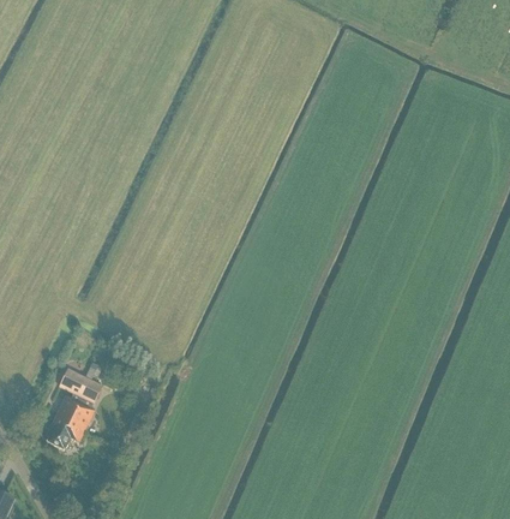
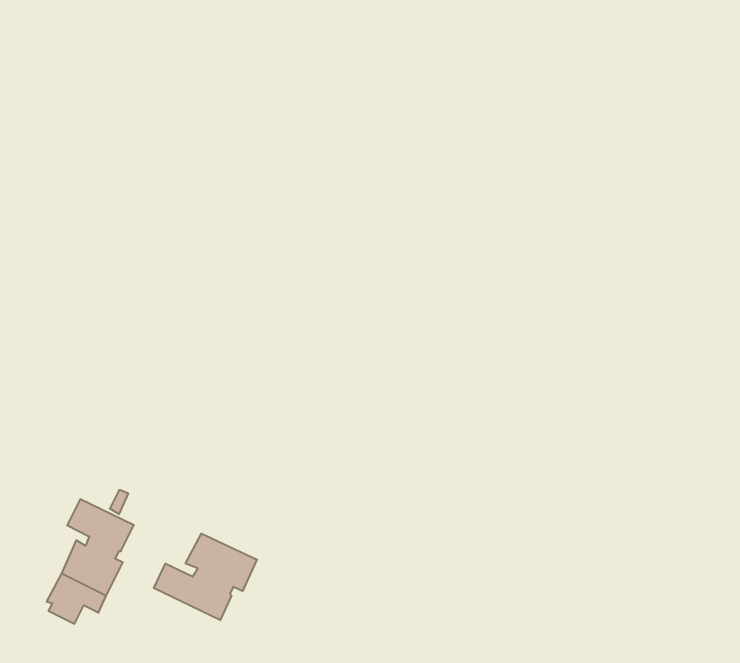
building: none -> [154,533,257,620]

